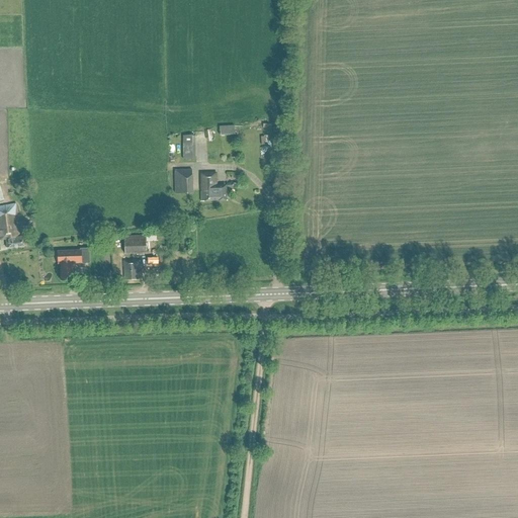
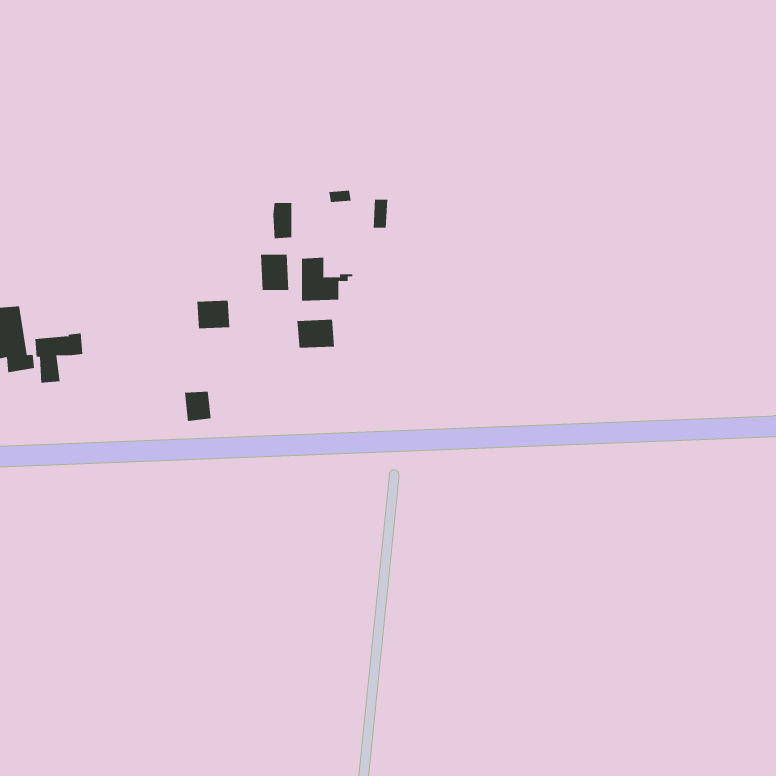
building: none -> [297,319,335,349]
building: [123,235,146,254] -> [197,300,230,329]
building: [56,247,88,280] -> [34,333,83,383]

